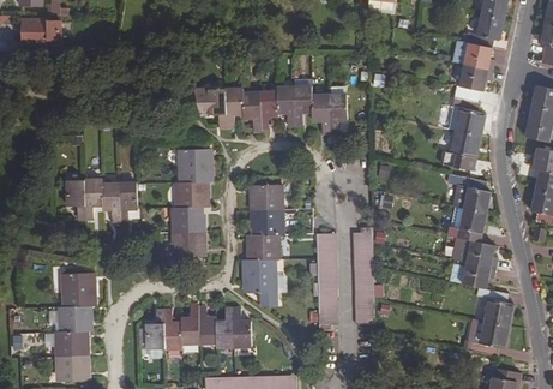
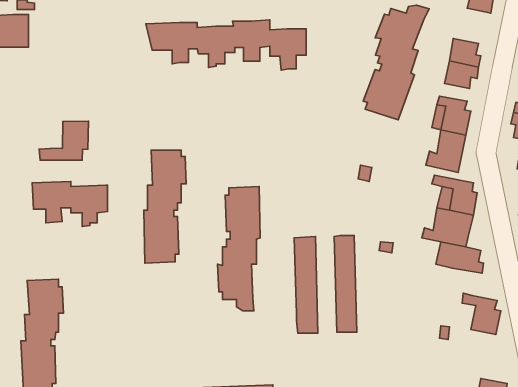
building: none -> [363,5,429,120]
building: [465,13,504,47] -> none
building: [193,85,347,133] -> [146,20,306,70]
building: none -> [39,121,89,160]
building: [463,262,495,288] -> none
building: [145,304,251,348] -> none
building: [469,318,509,355] -> none

